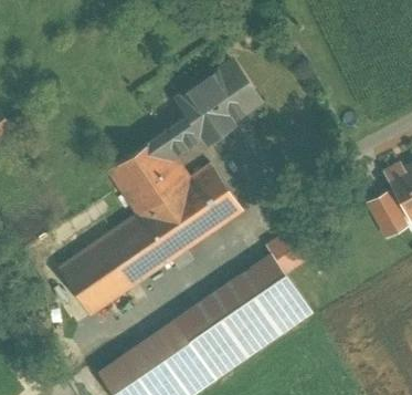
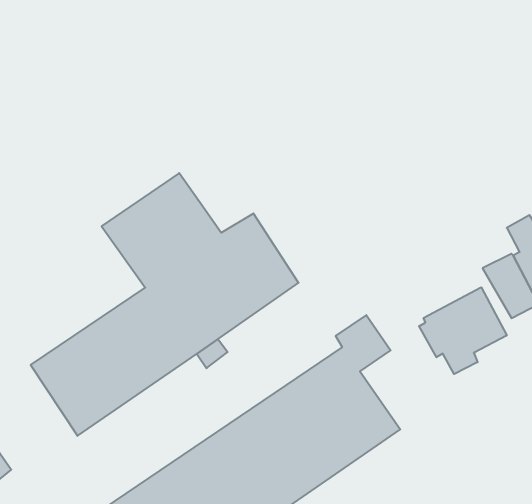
building: [160,62,260,155] -> none
building: none -> [419,287,507,374]

